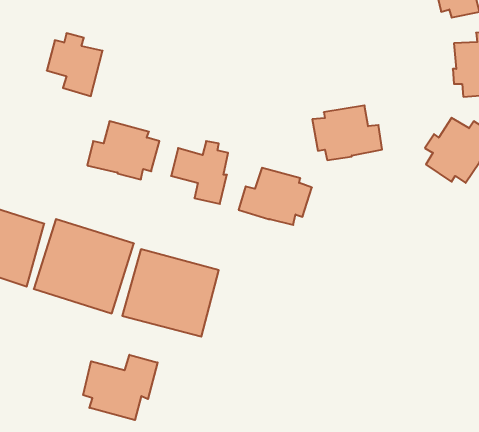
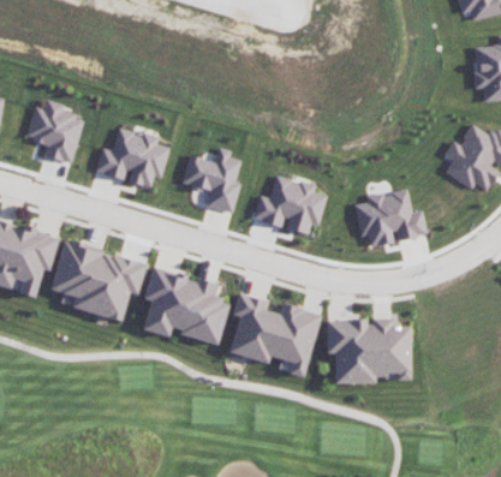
building: [47,33,103,96] -> [26,101,84,166]
building: [312,105,382,160] -> [353,191,425,248]
building: none -> [222,285,324,374]
building: none -> [328,316,411,383]
building: [83,355,158,420] -> none

